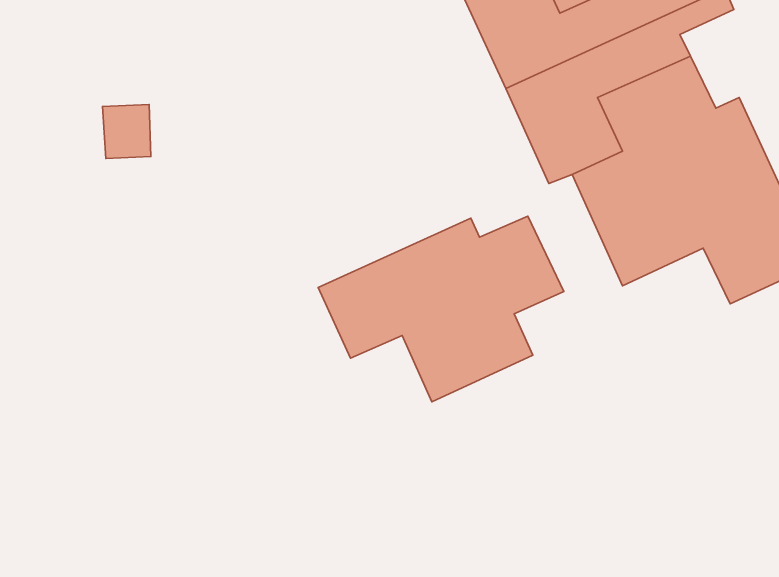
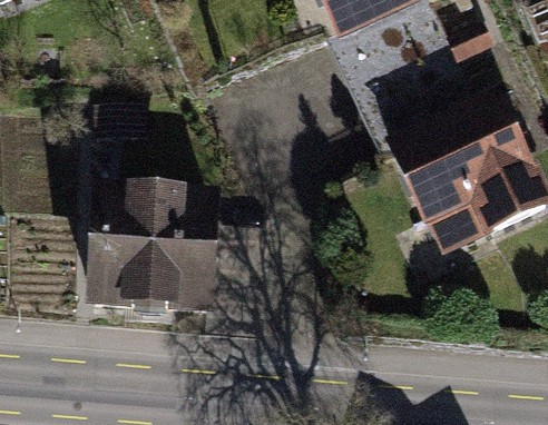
building: [318,216,564,402] -> none
building: none -> [96,196,213,307]

